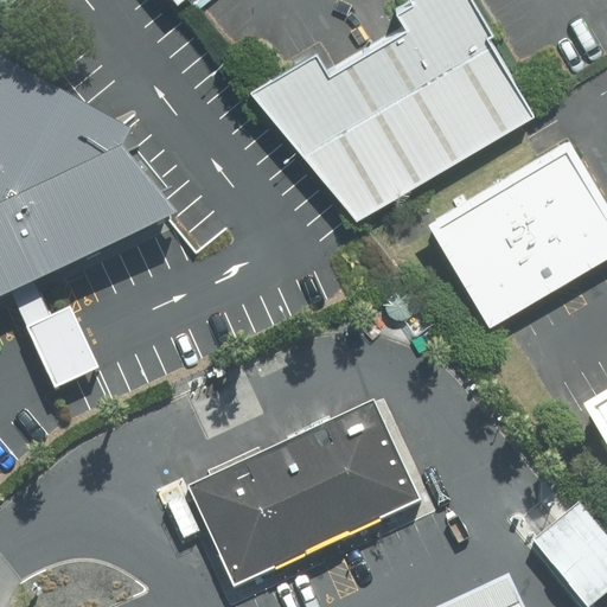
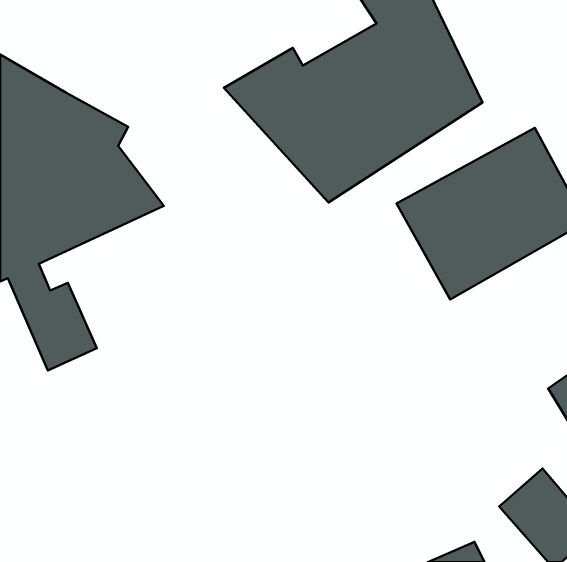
building: [196,404,422,588] -> none

